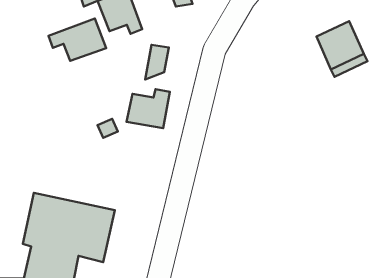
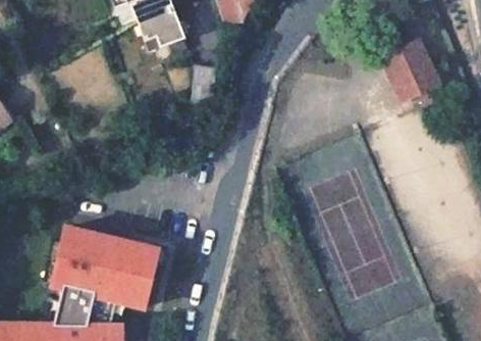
building: [48,19,106,61] -> none
building: [127,89,170,128] -> none

